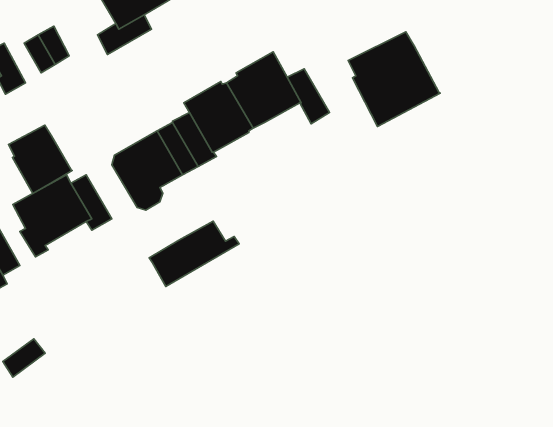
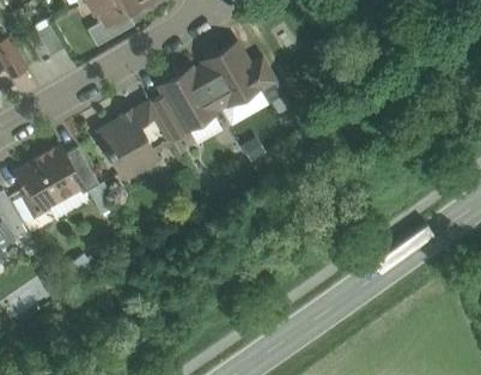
building: [348,32,440,127] -> none
building: [9,125,72,193] -> none
building: [149,221,239,287] -> none

